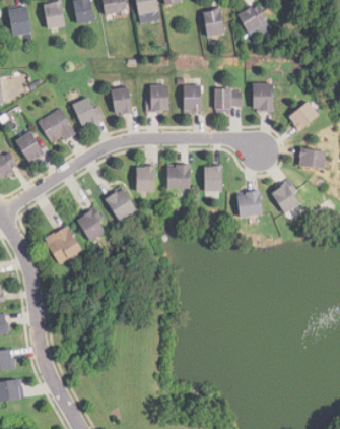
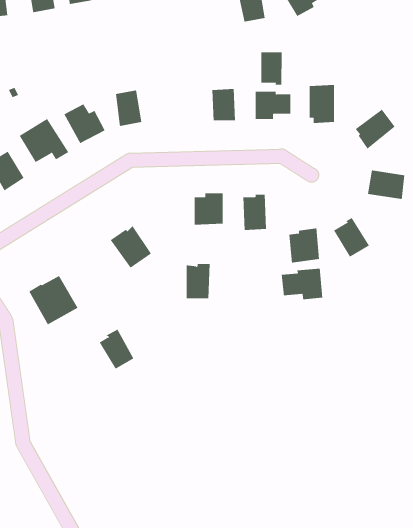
building: none -> [261,52,282,85]
building: [146,83,169,112] -> none
building: [137,165,155,191] -> [186,263,210,299]
building: [78,209,105,240] -> [99,329,134,369]
building: none -> [281,268,323,300]

